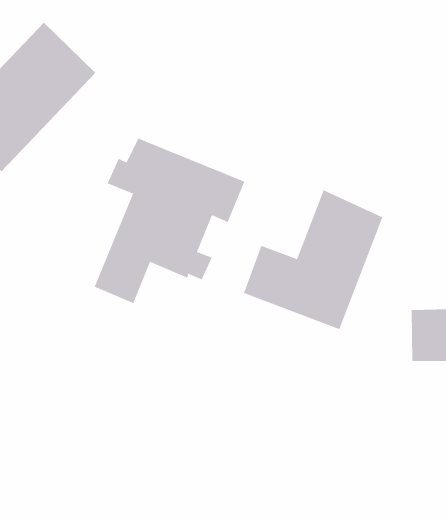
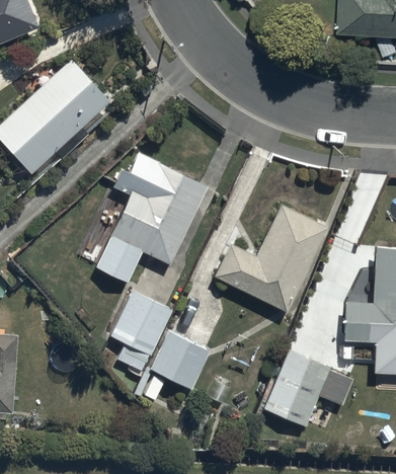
building: none -> [112,293,172,353]
building: none -> [137,329,211,402]
building: none -> [265,350,354,425]

